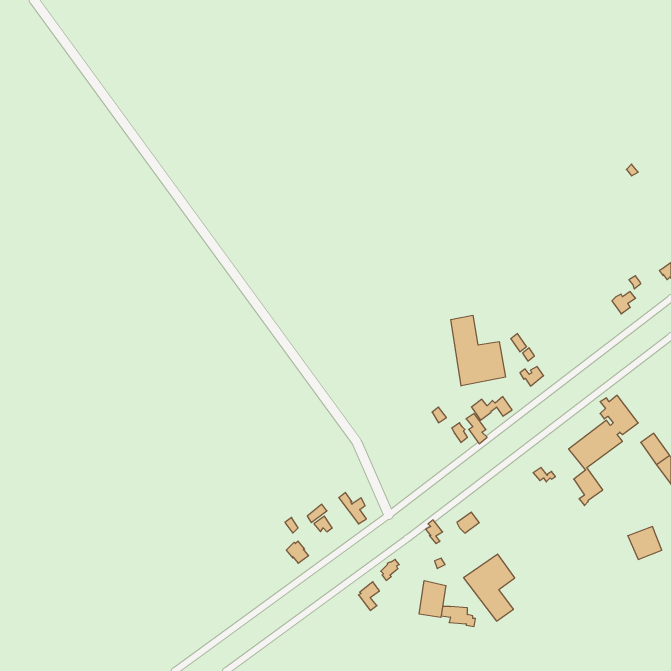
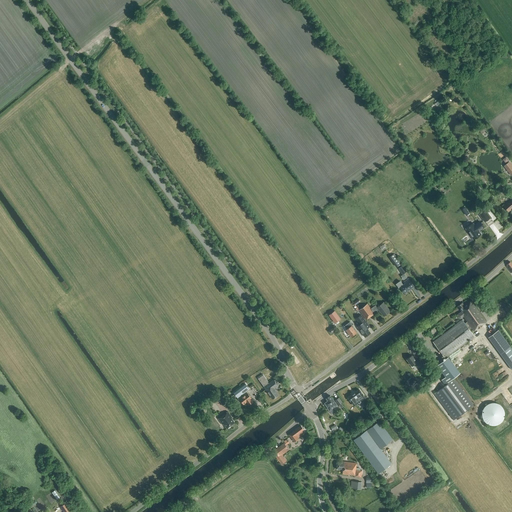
building: [451,315,505,386] -> none
building: none -> [434,378,474,420]
building: [419,581,446,617] -> none

